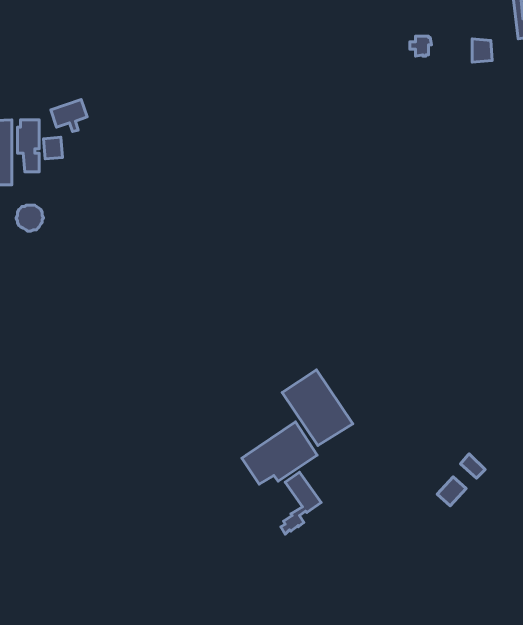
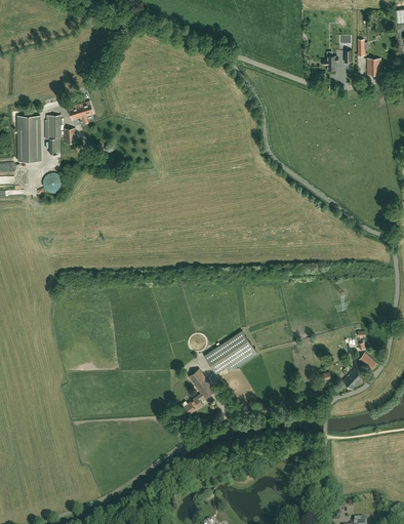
building: [282,370,353,446] -> none
building: [281,472,321,534] -> [185,368,213,412]

